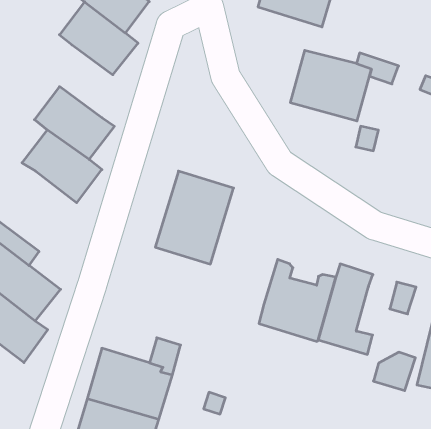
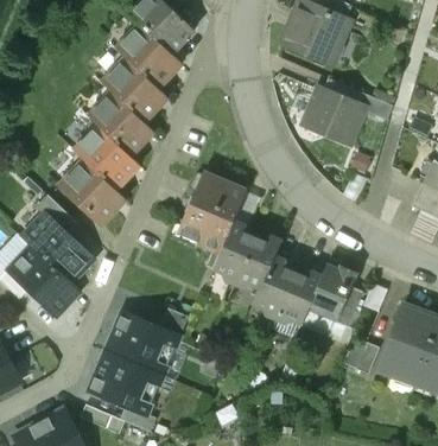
building: none -> [102,58,166,121]
building: none -> [59,159,126,224]
building: none -> [212,218,281,289]
building: none -> [334,285,362,329]

